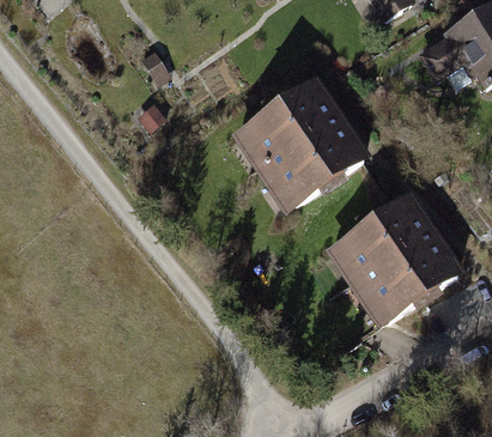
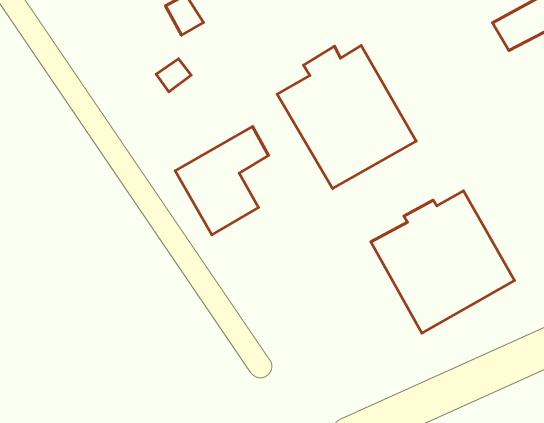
building: none -> [175,126,268,235]

